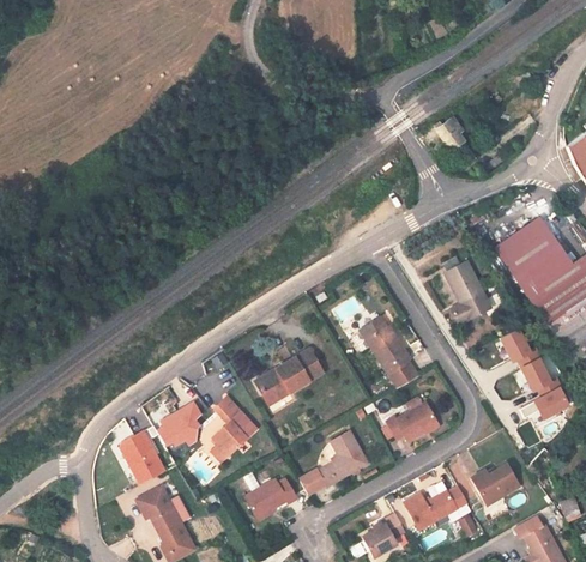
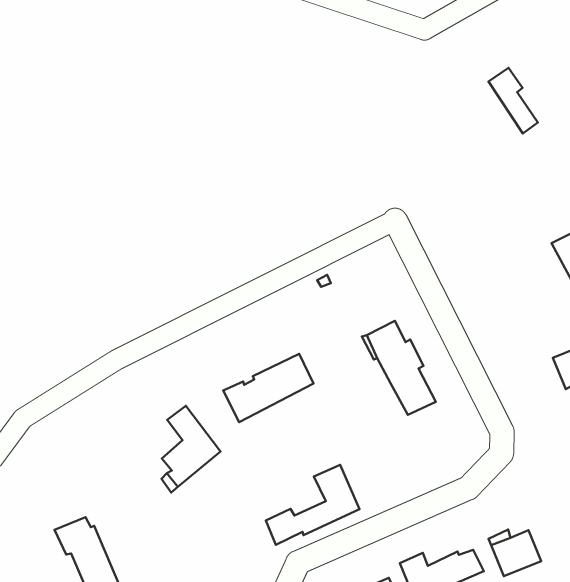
building: [443,262,491,327] -> none
building: [163,392,205,435] -> none
building: [385,400,437,440] -> none
building: [120,433,165,485] -> none
building: [244,479,295,516] -> none

